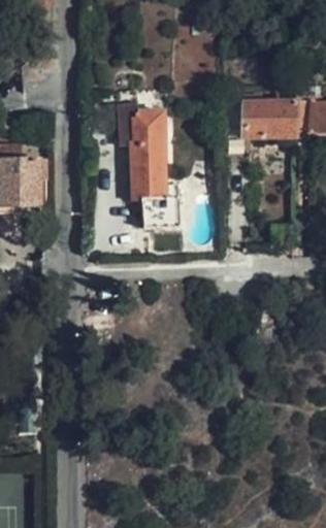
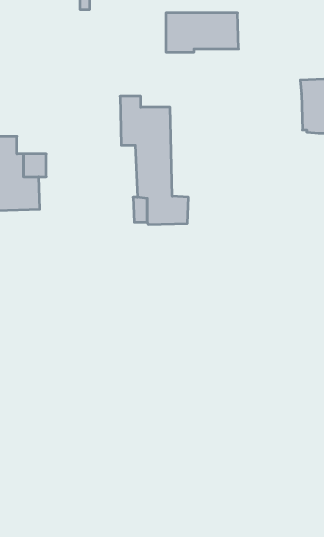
building: [222,100,291,137] -> [166,13,239,52]

